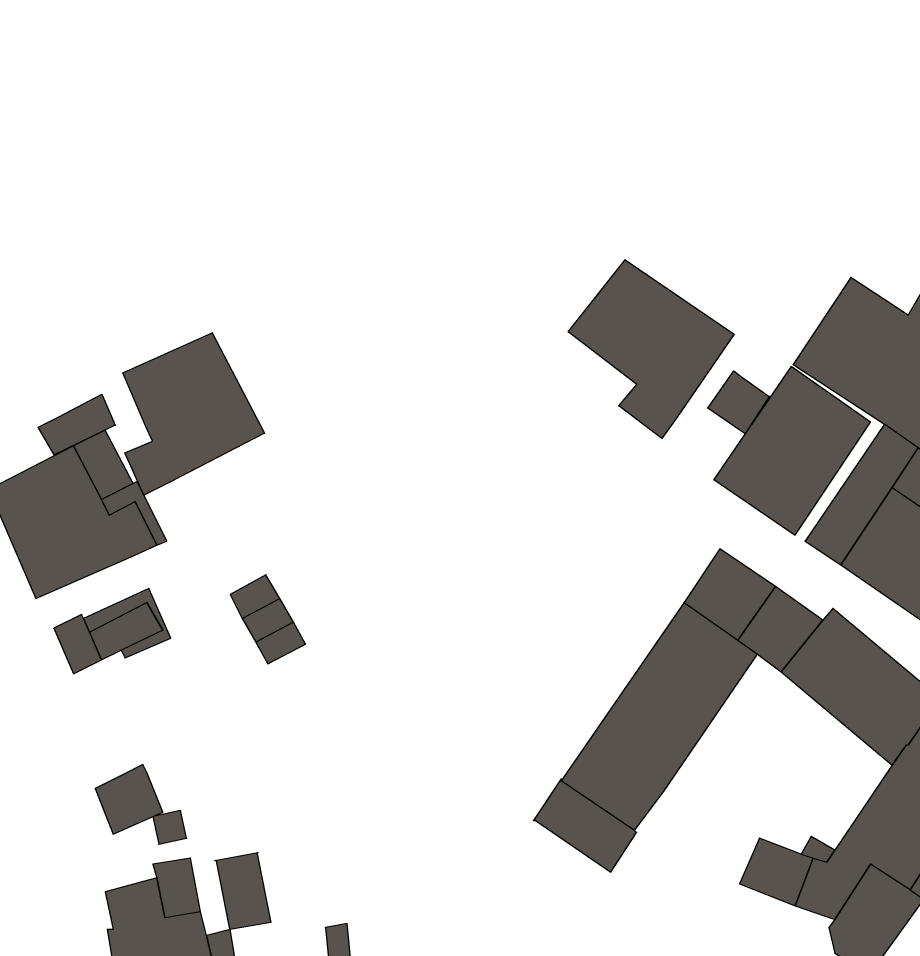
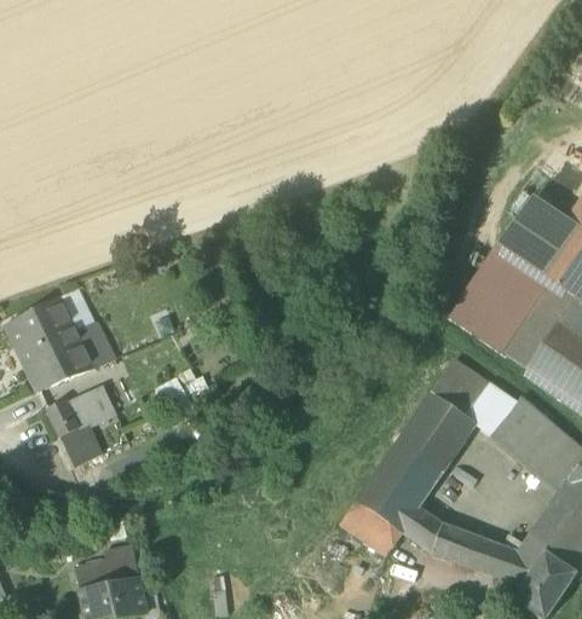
building: [568,260,734,438] -> none
building: [123,333,265,495] -> none
building: [708,371,769,434] -> none
building: [38,394,115,455] -> none
building: [95,765,163,834] -> [58,422,99,464]
building: none -> [401,508,477,565]
building: [215,853,271,929] -> none

